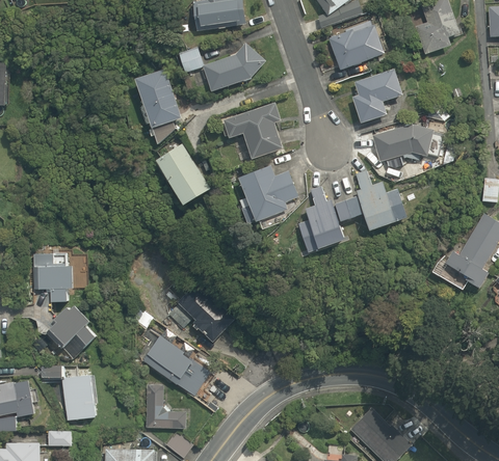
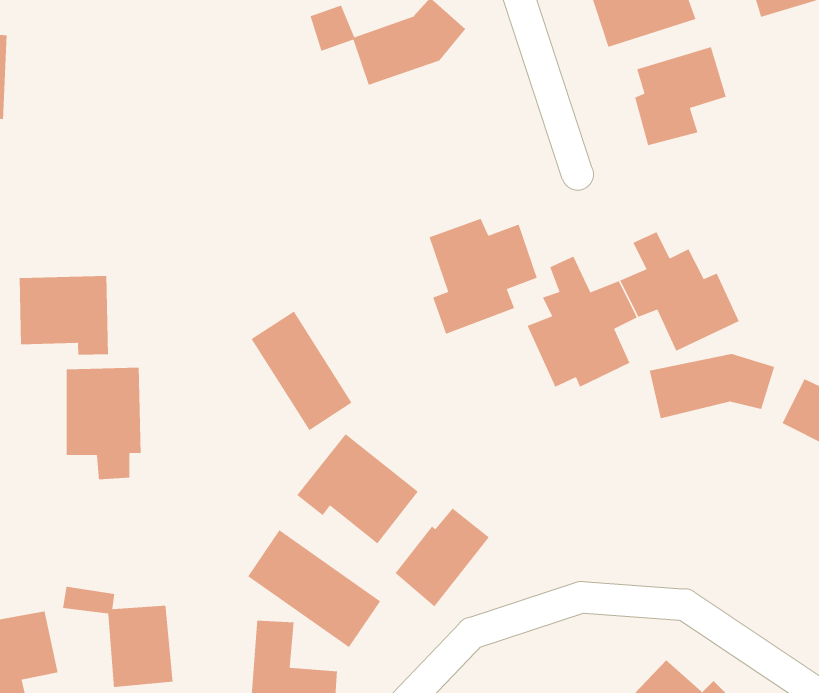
building: [134,67,181,144] -> none
building: [222,102,281,159] -> none
building: [370,127,440,163] -> [649,353,775,419]
building: [156,141,212,208] -> [251,310,353,431]
building: none -> [19,275,109,356]
building: [54,308,108,352] -> none
building: none -> [394,508,490,607]

